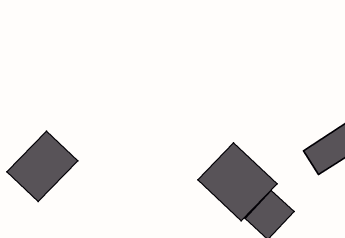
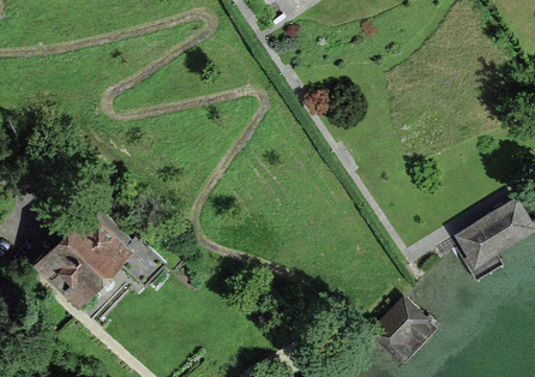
building: [198,143,277,221] -> none

